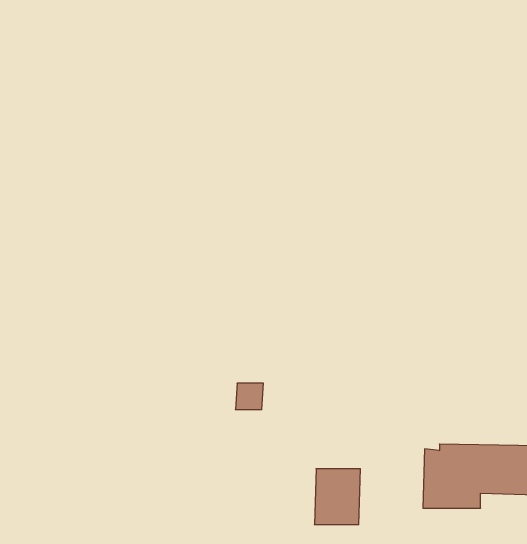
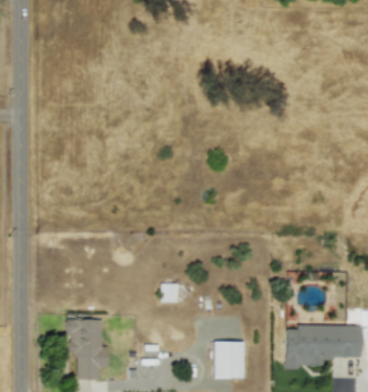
building: none -> [67,319,108,379]

